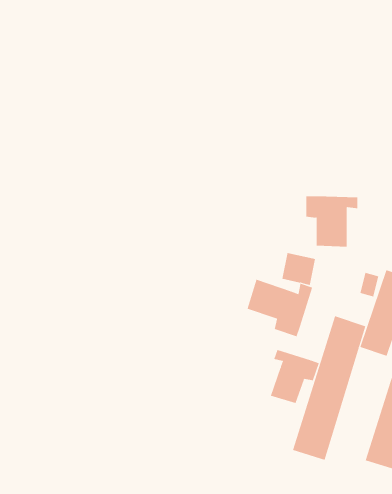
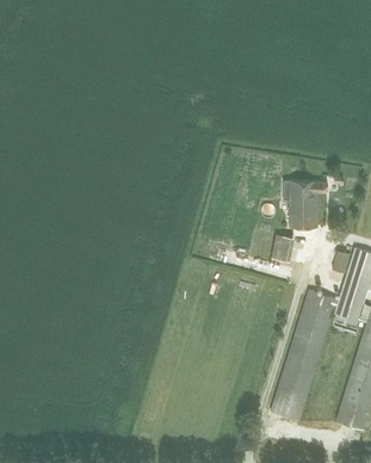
building: [247,279,313,337] -> none
building: [270,349,320,404] -> none

